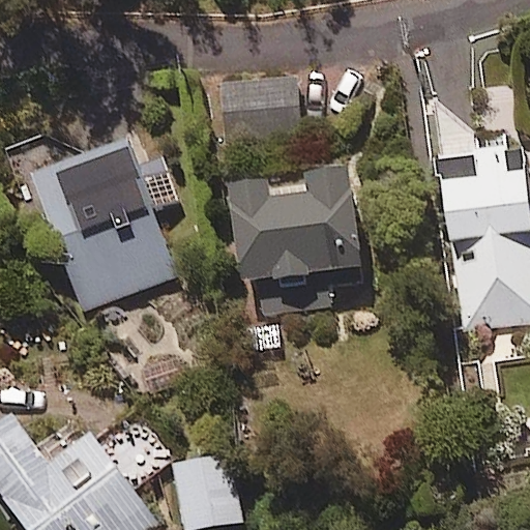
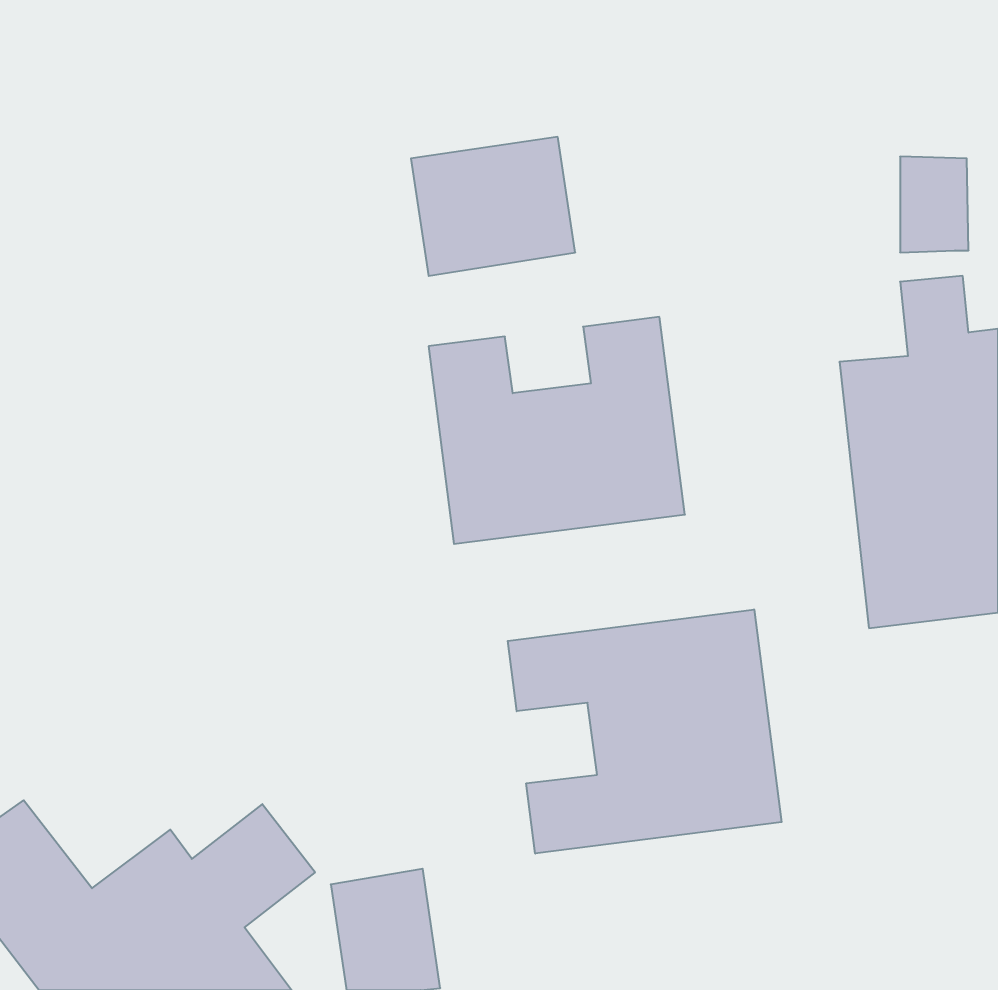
building: [33,142,179,311] -> none
building: none -> [508,609,782,854]

